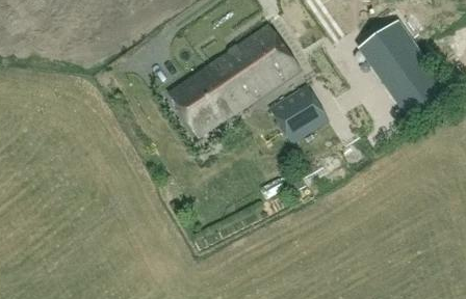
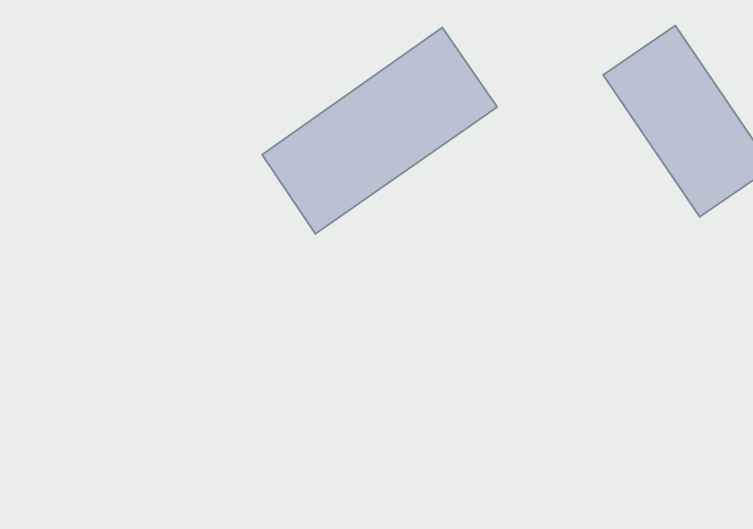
building: [273,84,331,141] -> none

